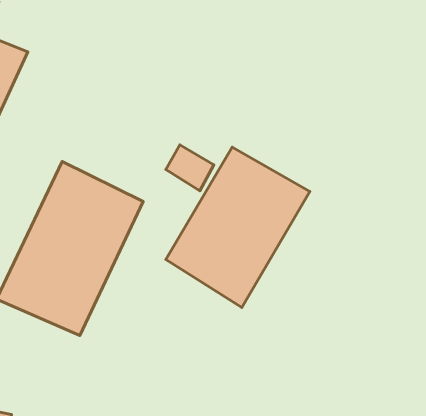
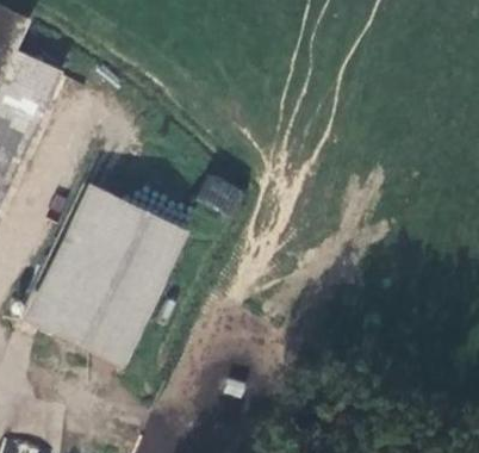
building: [166,147,310,307] -> none

